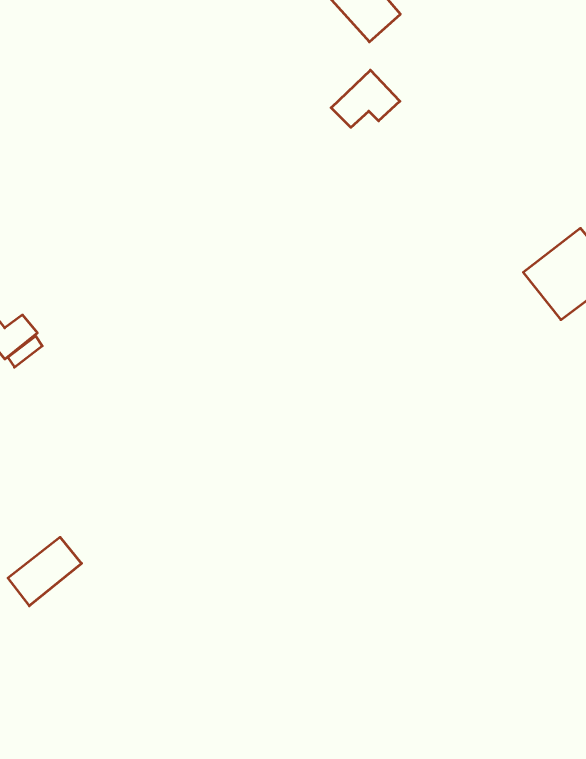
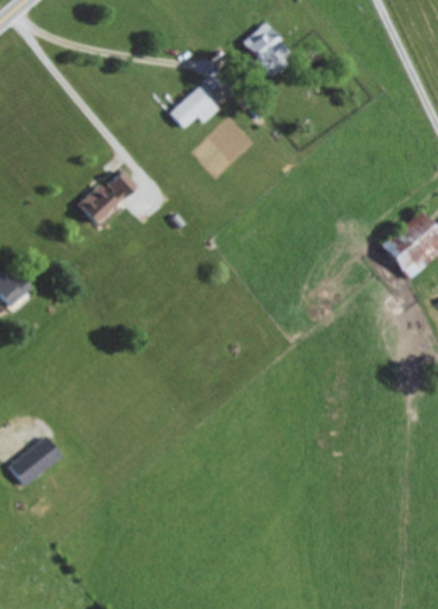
building: [331,70,400,127] -> [169,86,219,127]
building: none -> [77,169,134,224]

